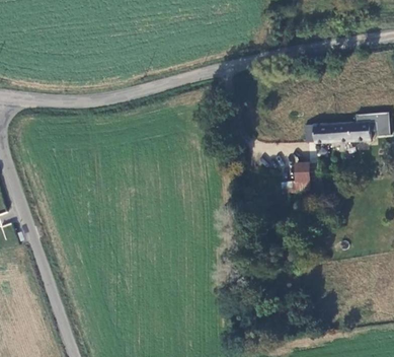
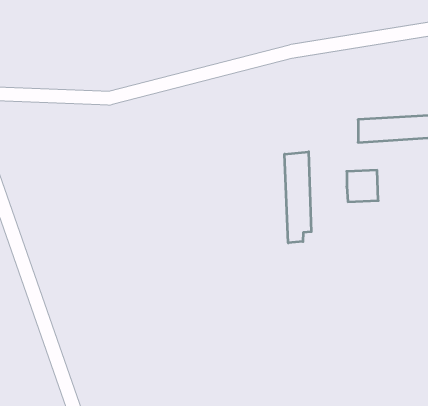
building: none -> [285,152,311,243]

